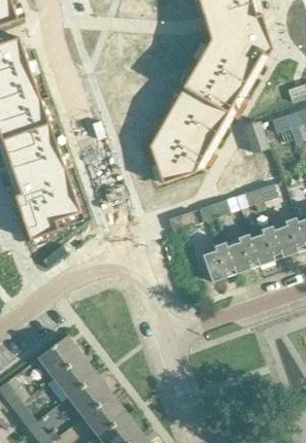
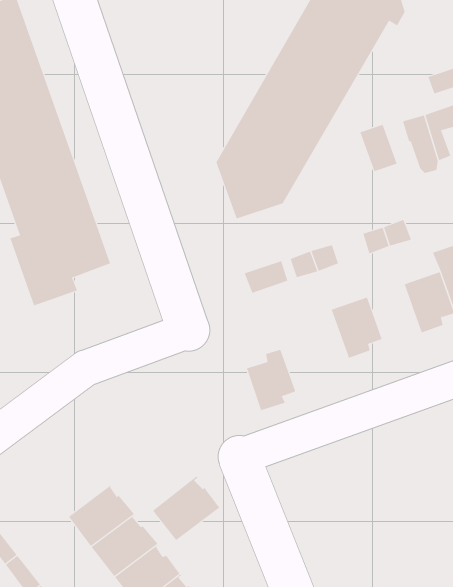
building: [247,226,282,266] -> none
building: [201,242,235,282] -> [246,349,298,411]
building: [37,335,81,377] -> [152,476,220,541]

